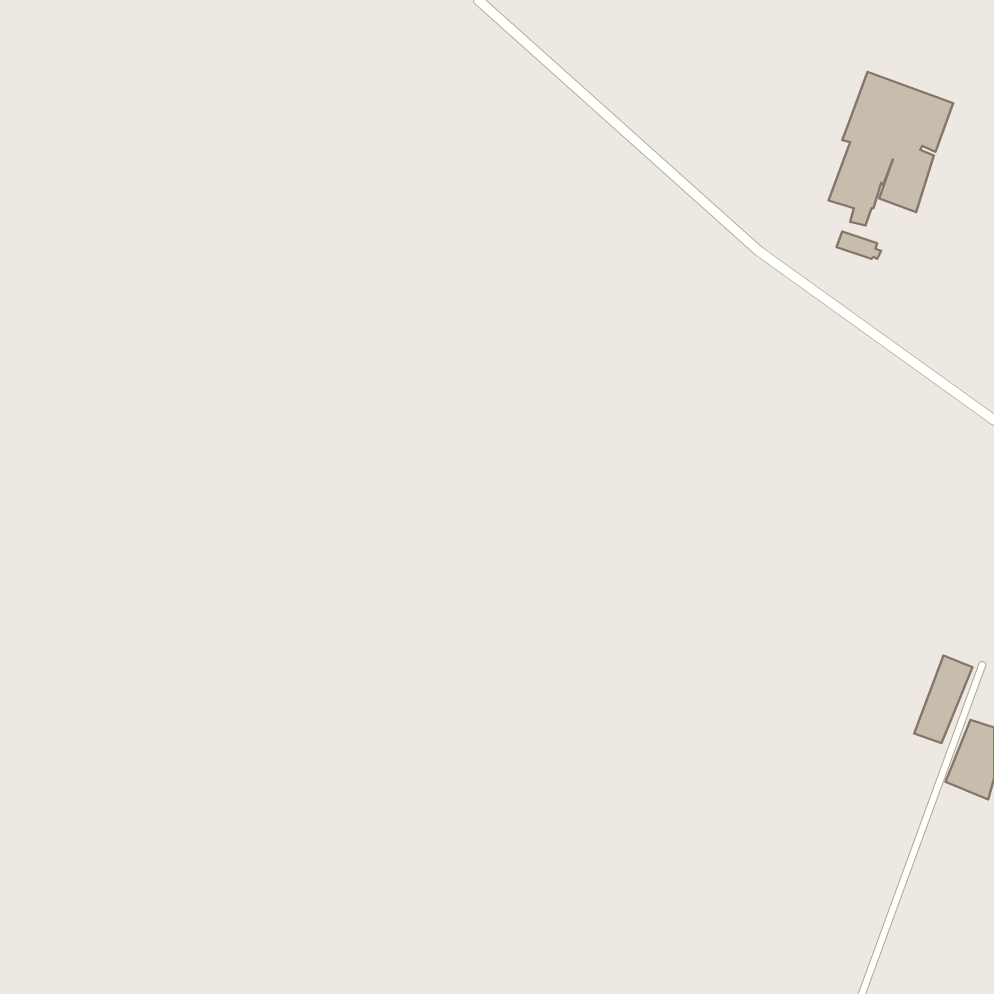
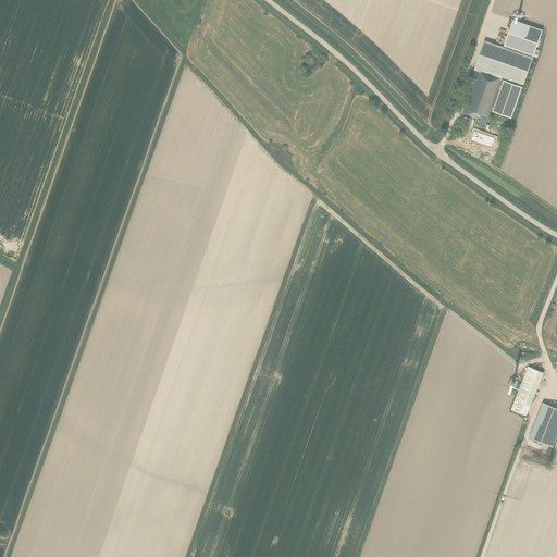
building: none -> [504,20,543,57]

